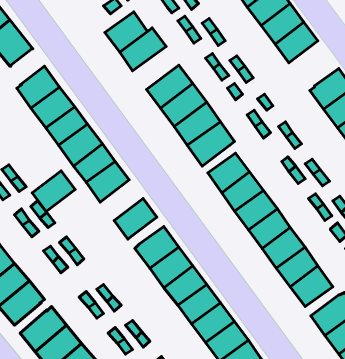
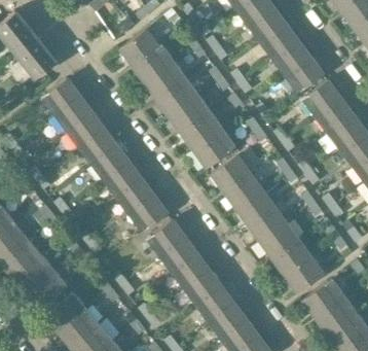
building: none -> [284,56,323,93]
building: none -> [145,61,186,99]
building: [32,171,75,212] -> [116,179,154,215]

